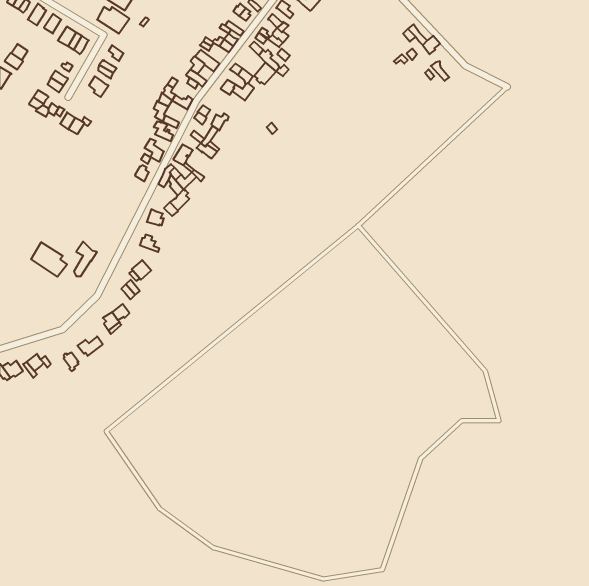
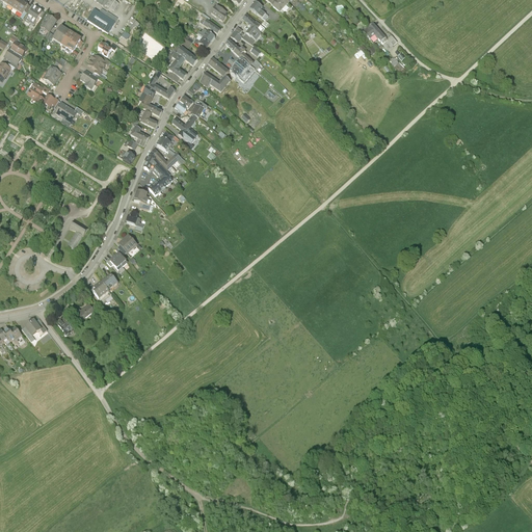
building: [31,242,67,277] -> none

